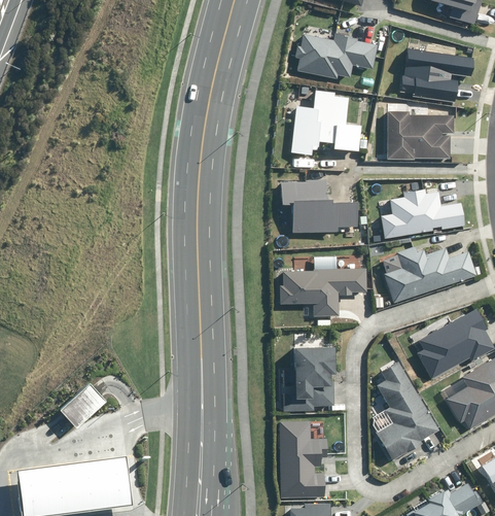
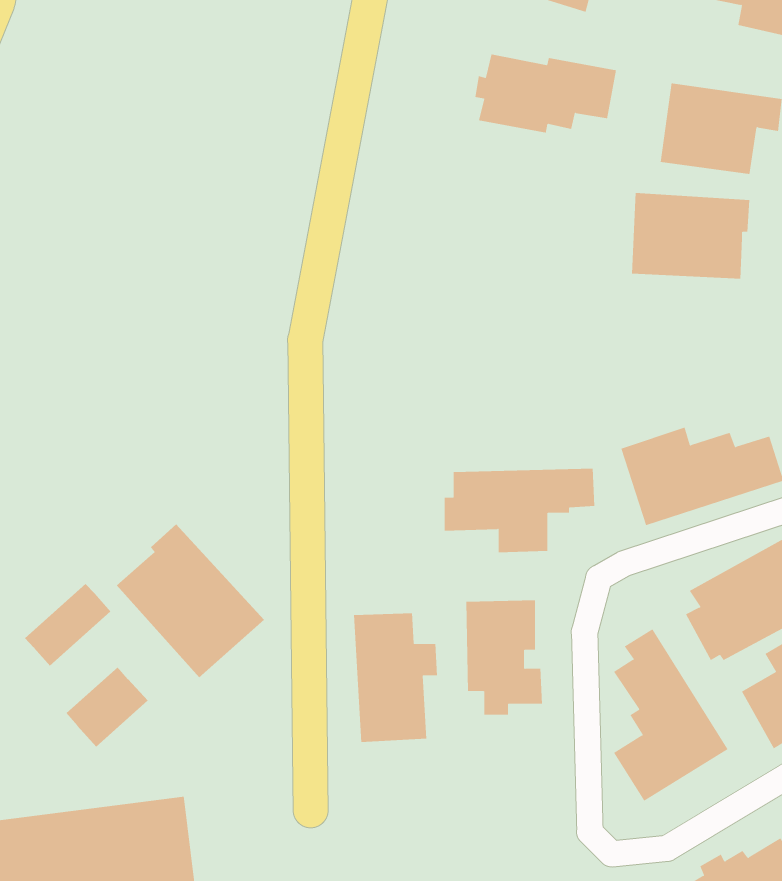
building: [290,89,359,168] -> none
building: [281,179,355,233] -> none
building: [381,188,461,237] -> none
building: none -> [116,524,265,678]
building: none -> [24,583,111,667]
building: [282,421,330,495] -> [353,613,438,743]

